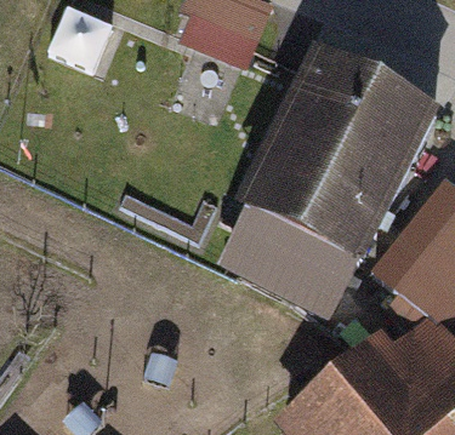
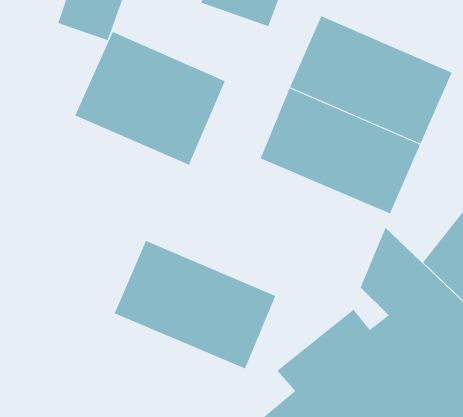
building: none -> [74,31,226,165]
building: [223,179,379,303] -> [114,240,276,369]

